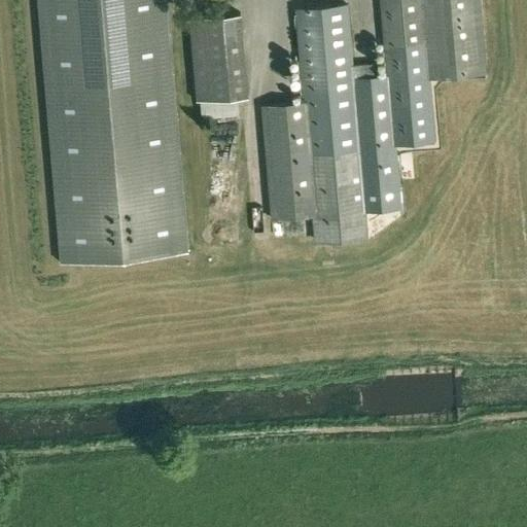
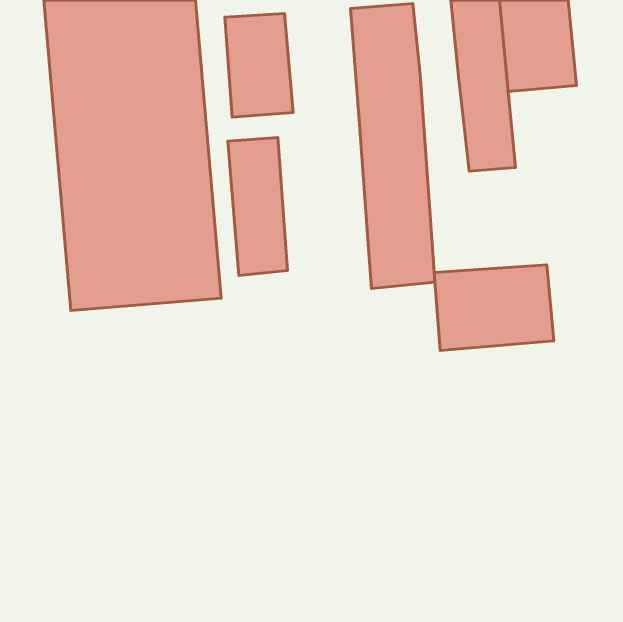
building: [355,63,402,211] -> none
building: [261,103,312,219] -> [228,137,288,275]
building: none -> [434,265,554,350]

